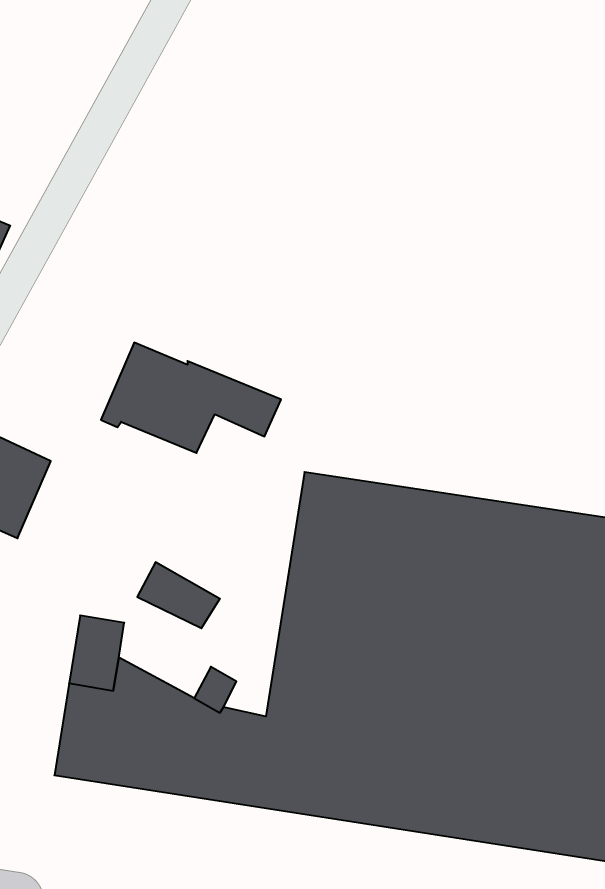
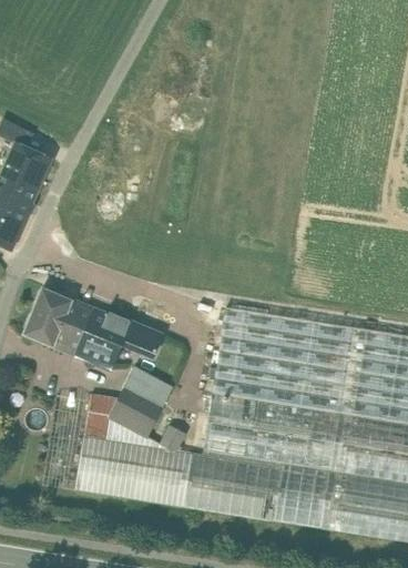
building: [101,343,281,453] -> [53,301,162,367]
building: none -> [114,383,164,435]

